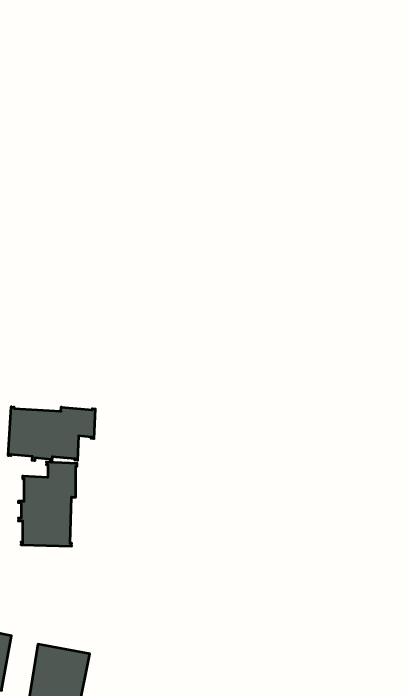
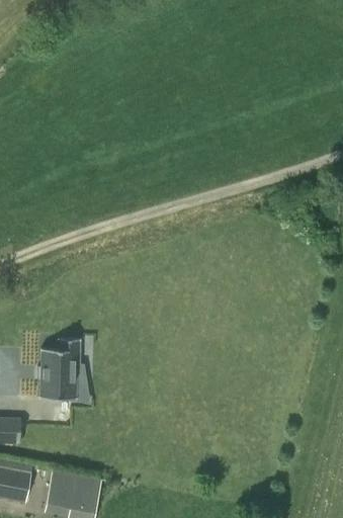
building: [8,407,95,462] -> none

